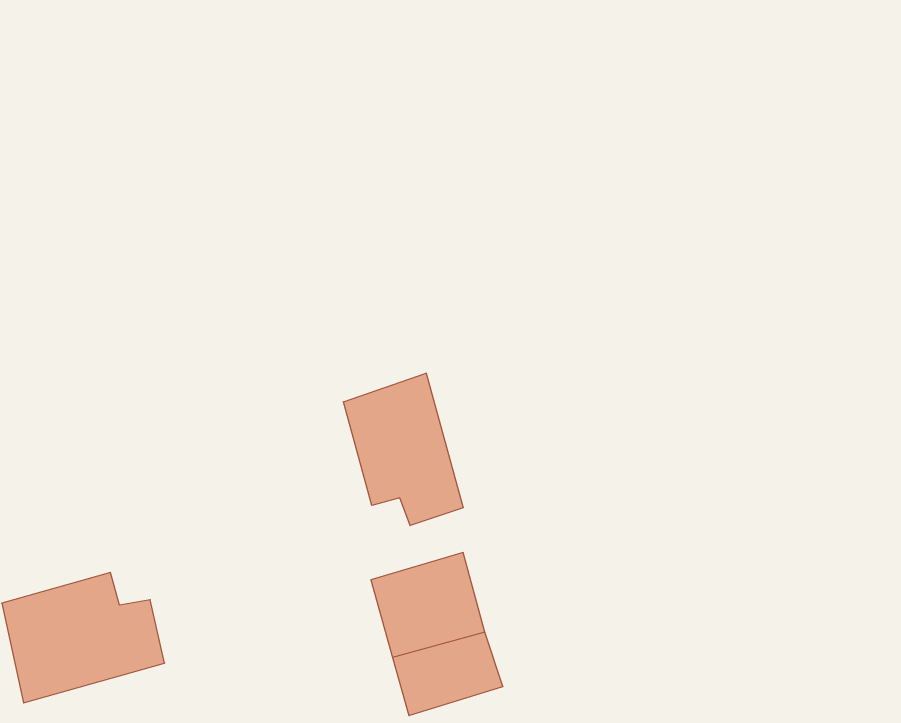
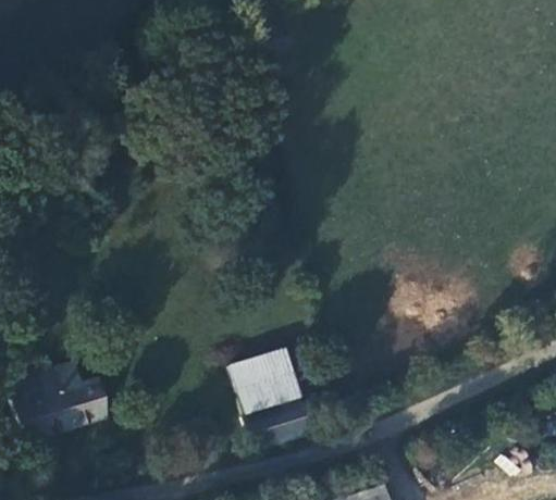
building: [343,373,463,526] -> none

